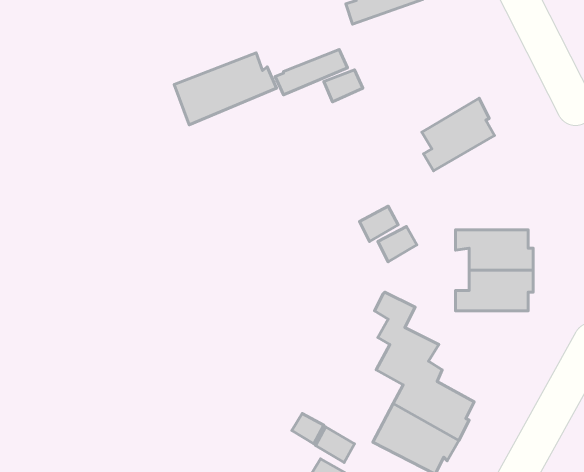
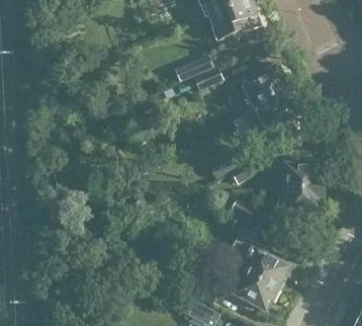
building: [174,53,277,125] -> none
building: none -> [241,65,292,106]

